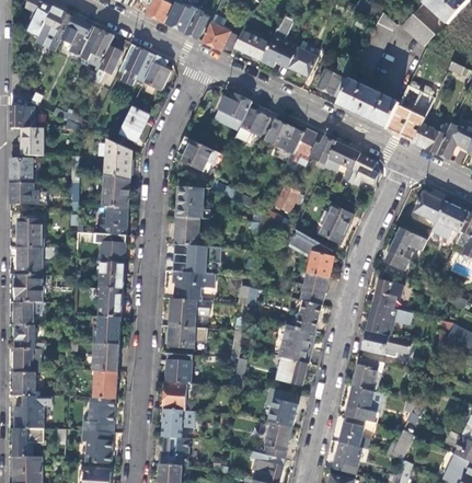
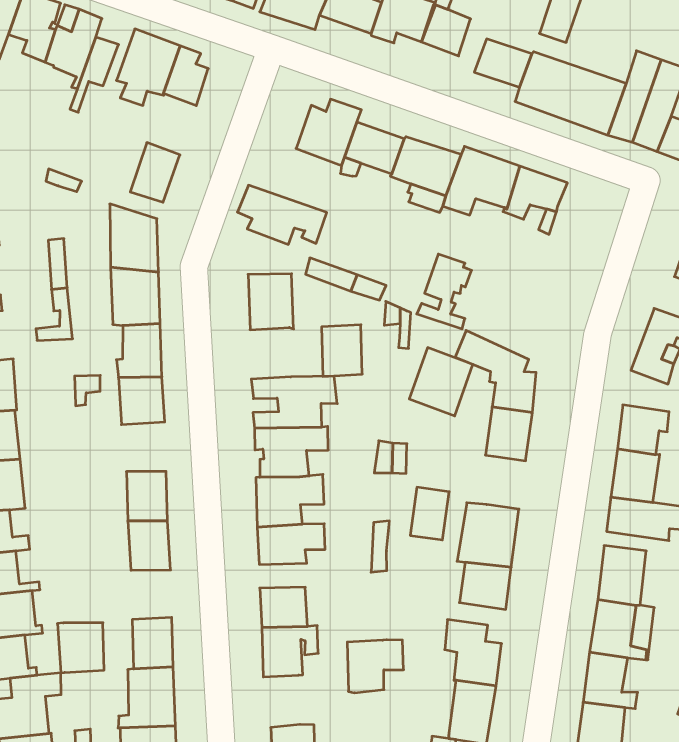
building: [354,153,380,186] -> none
building: [314,203,352,242] -> [409,348,473,416]
building: [174,216,198,244] -> [322,325,362,376]
building: [97,261,124,289] -> none
building: [297,300,321,331] -> [410,487,449,540]
building: [92,342,118,370] -> [57,623,104,673]
building: [161,409,194,437] -> [347,640,404,693]

